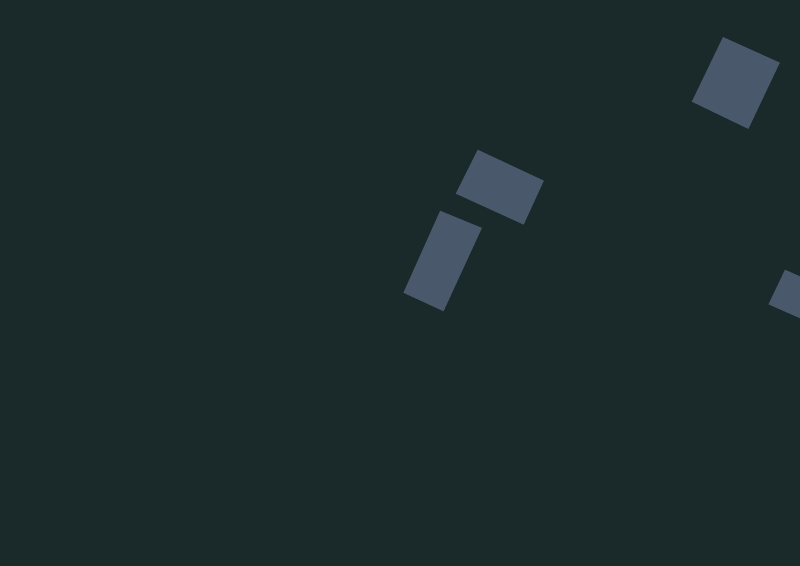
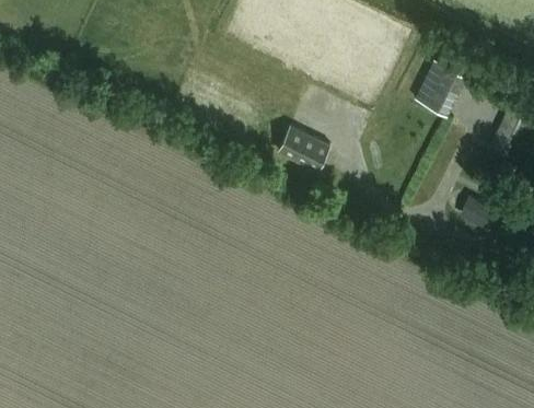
building: [403,210,483,312] -> none

